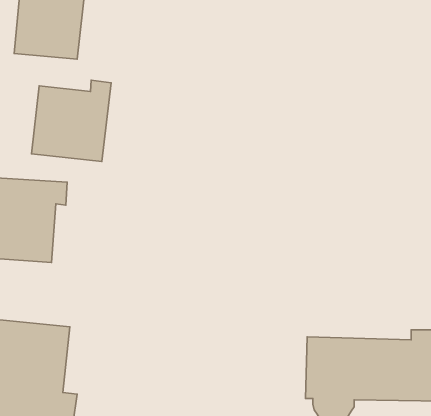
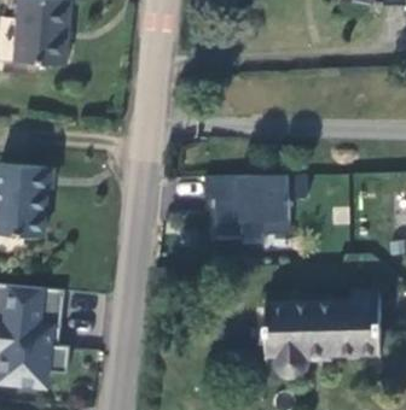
building: [31,80,111,162] -> none
building: none -> [196,176,300,236]

